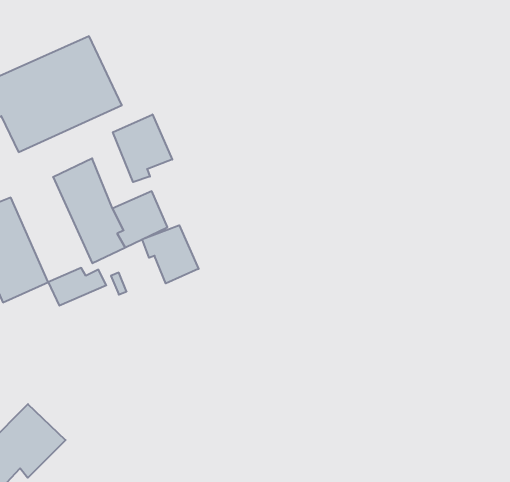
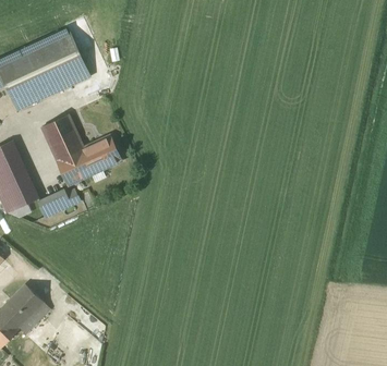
building: [113,114,172,182] -> none
building: [142,225,199,283] -> none

